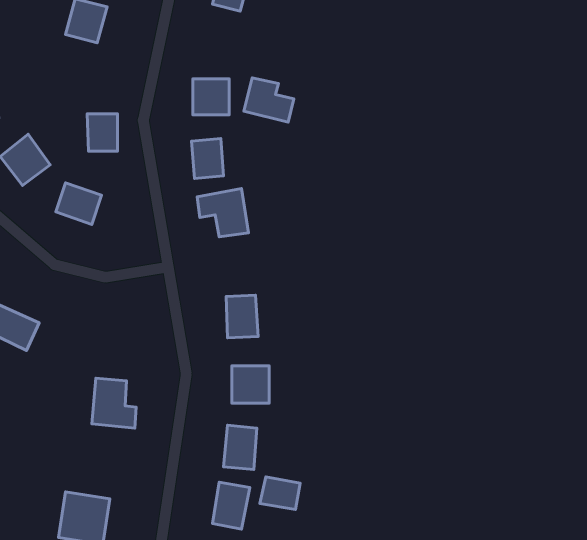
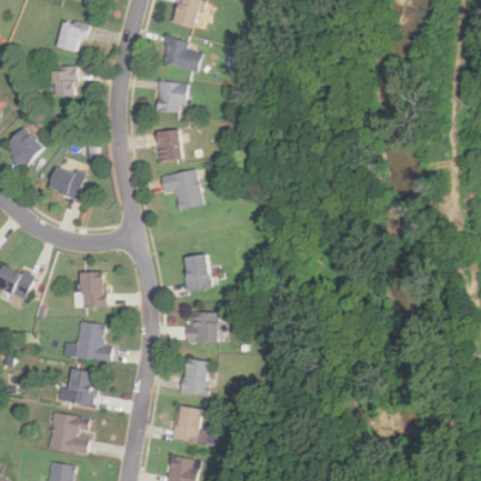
building: [244,78,294,122] -> [162,37,202,72]
building: [87,114,118,151] -> [52,67,77,97]
building: none -> [81,272,106,307]
building: none -> [68,370,96,405]
building: [260,477,300,509] -> none

